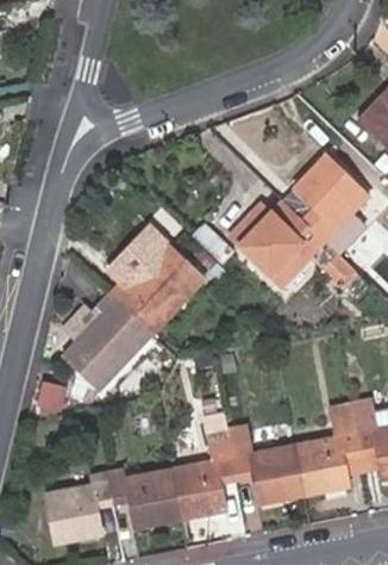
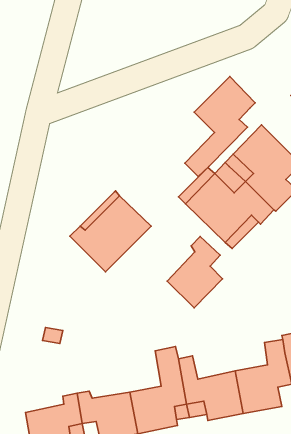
building: none -> [185,77,255,177]
building: [56,285,142,378] -> none
building: none -> [167,236,222,308]

